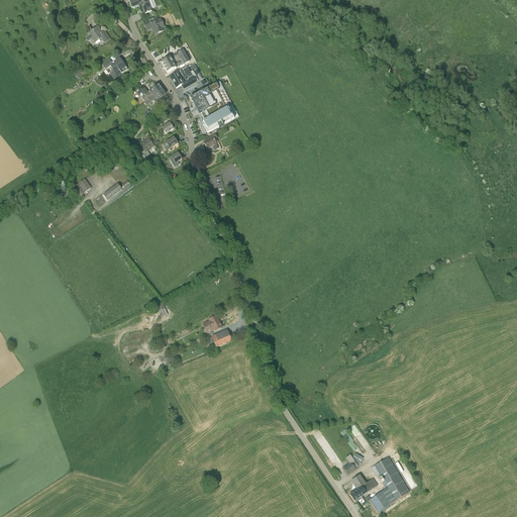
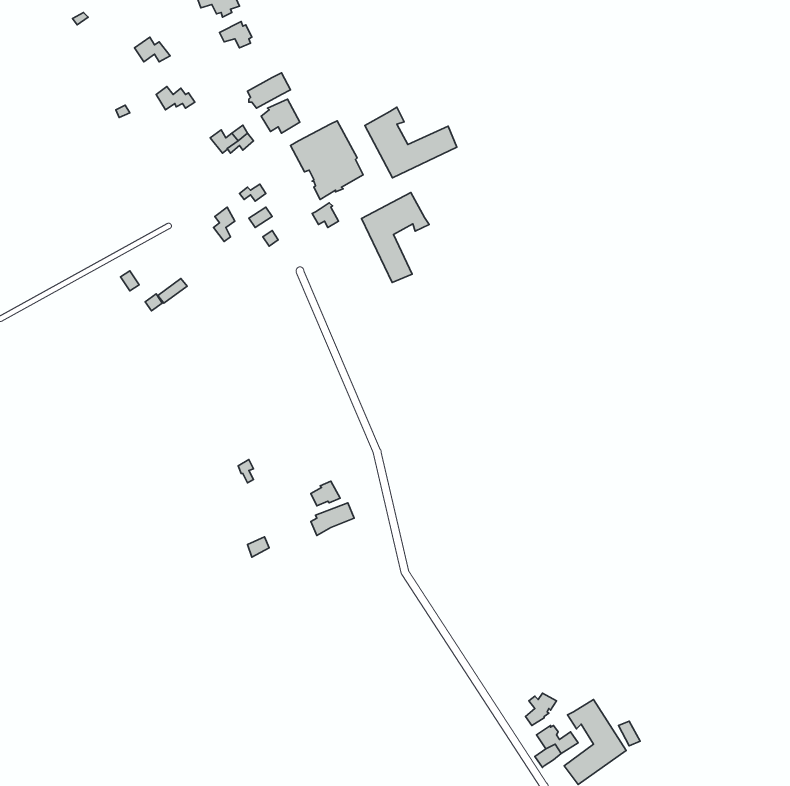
building: none -> [365,107,457,178]
building: none -> [362,192,429,282]

